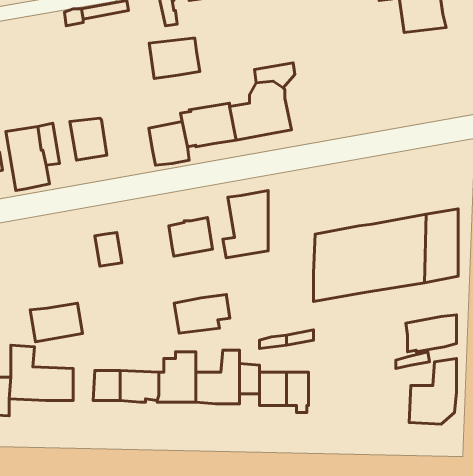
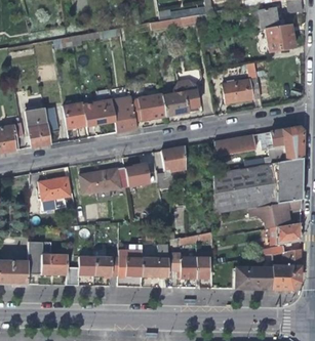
building: [149,38,200,78] -> [84,101,115,126]
building: none -> [223,63,261,103]
building: none -> [247,128,303,168]
building: none -> [214,135,255,158]
building: none -> [248,200,302,229]
building: [174,295,230,333] -> [93,168,127,191]
building: [30,303,82,342] -> [39,177,71,201]
building: none -> [235,268,271,289]

